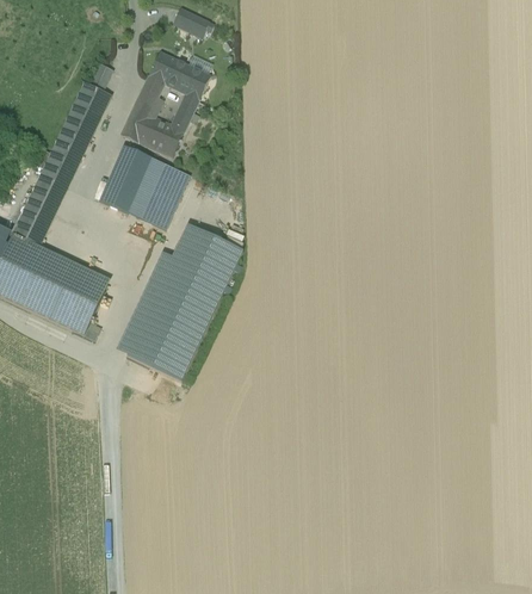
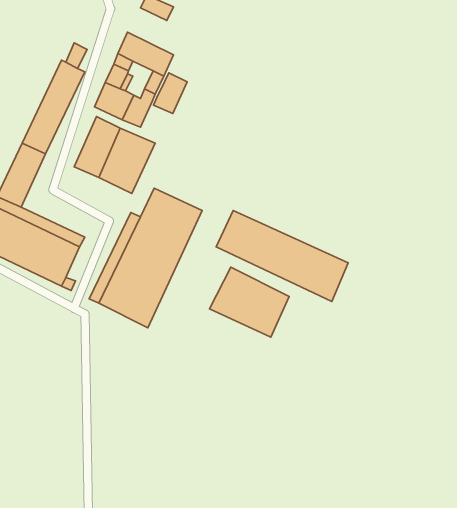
building: none -> [154,73,187,113]
building: none -> [216,210,348,301]
building: none -> [210,267,289,337]

